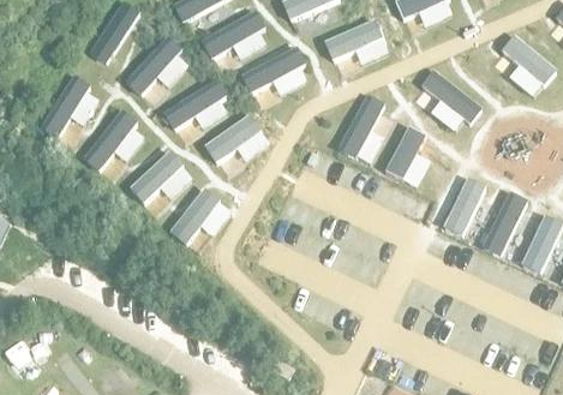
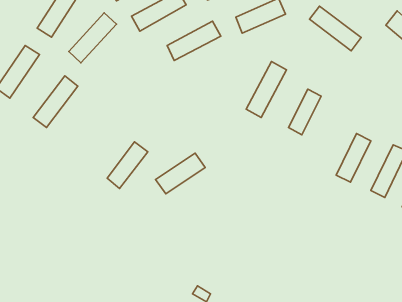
building: [420,70,481,122] -> [309,6,361,51]
building: [163,78,226,128] -> none
building: [203,114,262,162] -> [156,153,205,194]
building: [130,151,184,204] -> none

